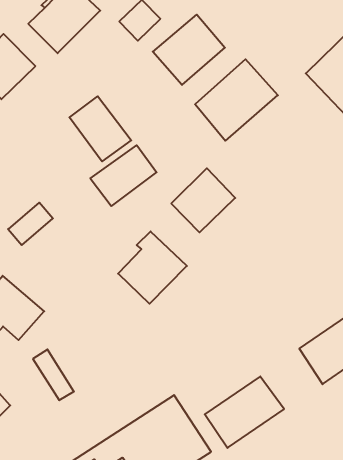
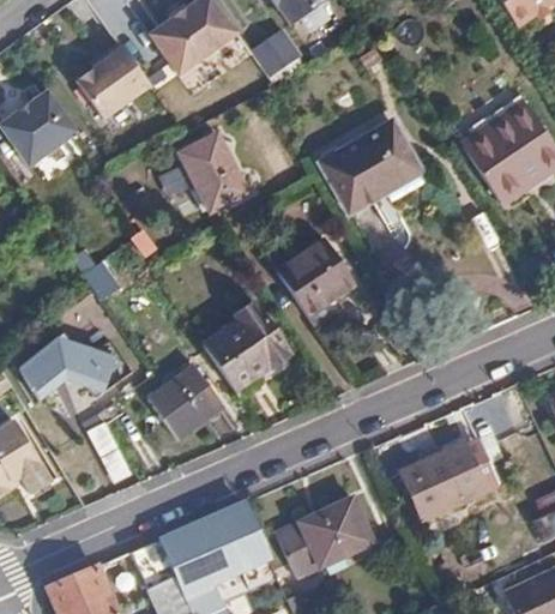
building: [153,15,225,85] -> none
building: [90,145,157,206] -> none
building: none -> [146,361,221,435]

